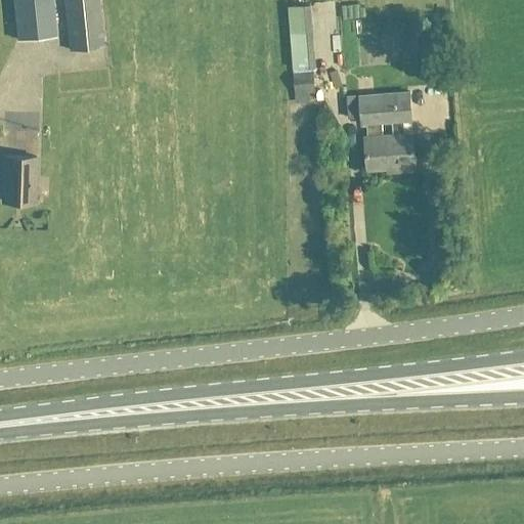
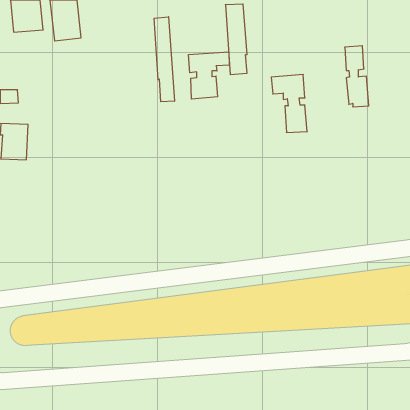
building: none -> [154,17,174,102]
building: none -> [189,52,229,99]
building: [387,93,418,171] -> [345,46,369,107]

